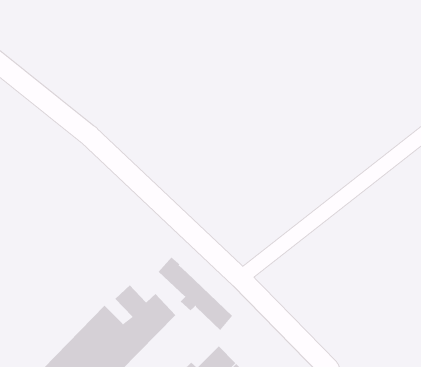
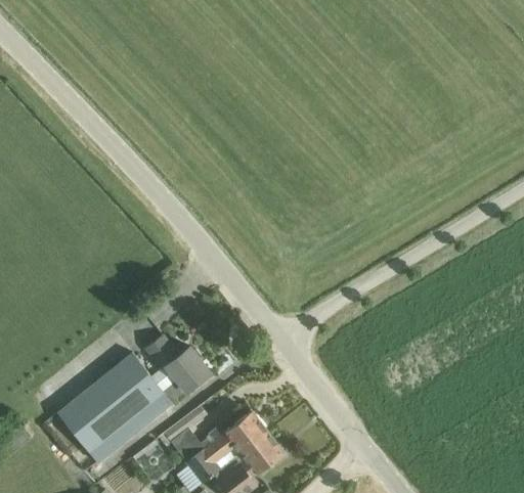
building: [158,256,233,331] -> none

